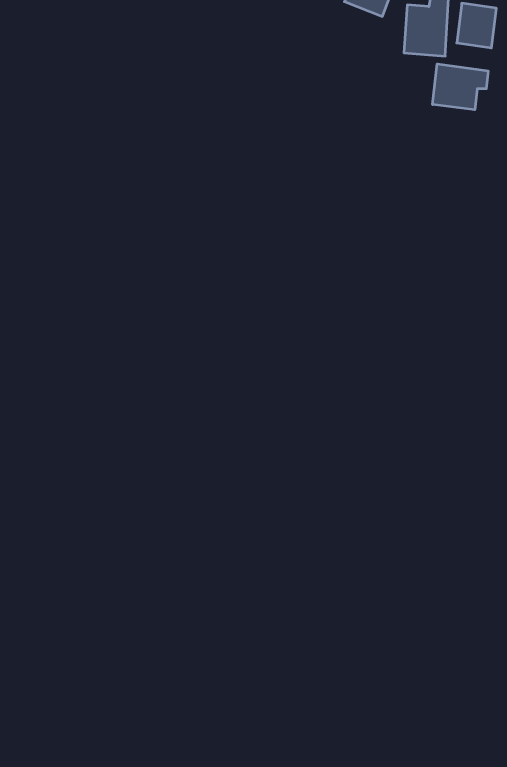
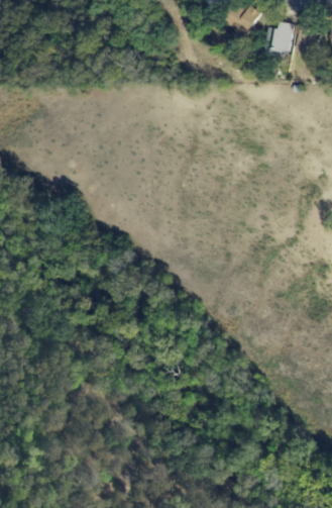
building: [433,64,488,110] -> none

